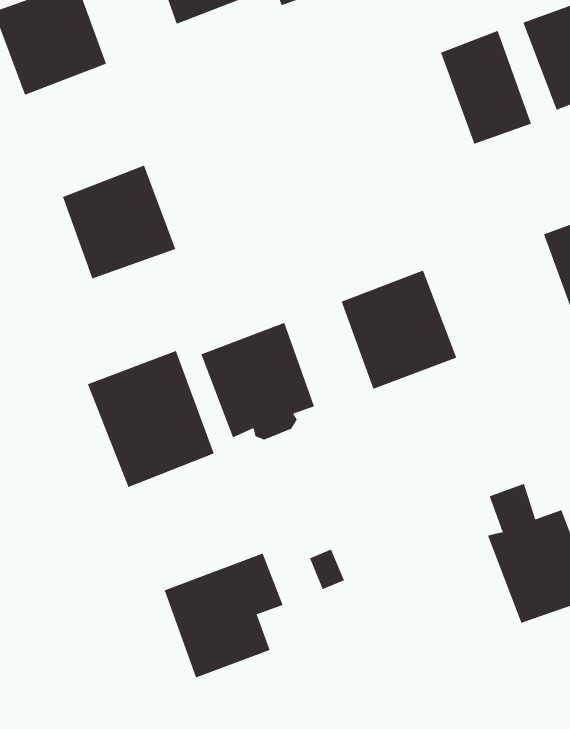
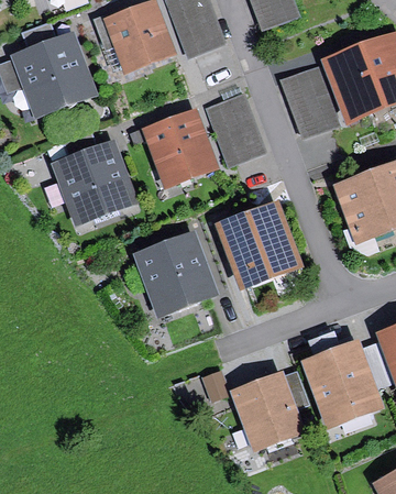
building: none -> [208,96,262,163]
building: none -> [150,117,208,178]
building: [87,350,214,488] -> none
building: [164,553,284,678] -> [235,372,306,446]

